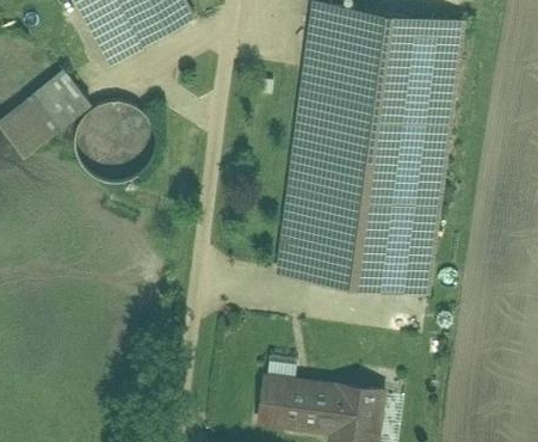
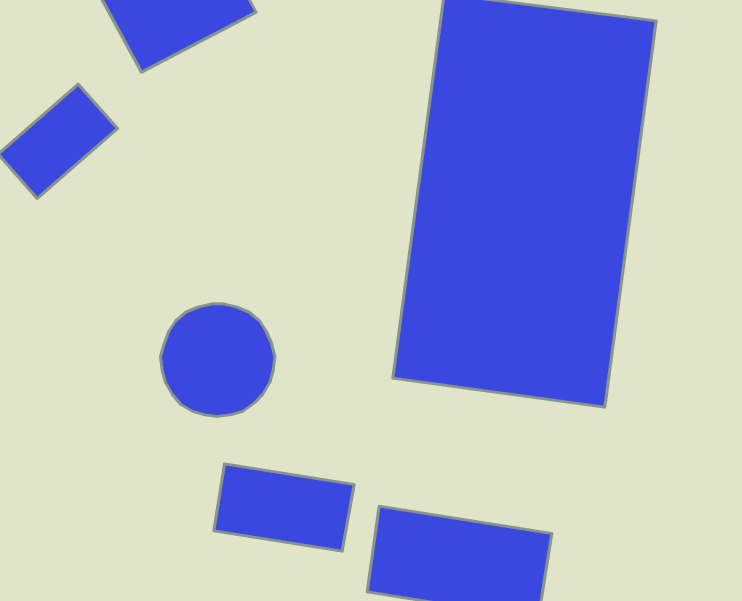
building: [73,96,153,174] -> [160,304,275,417]
building: none -> [214,464,354,551]

